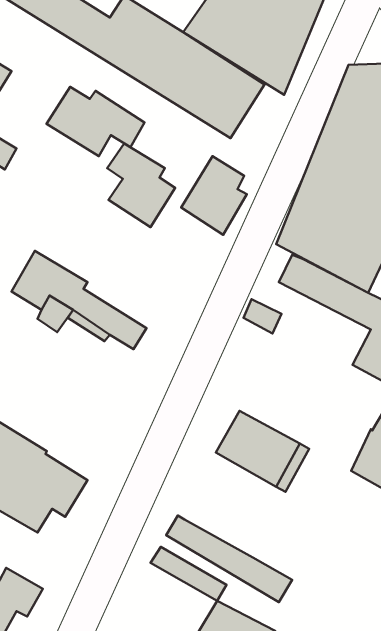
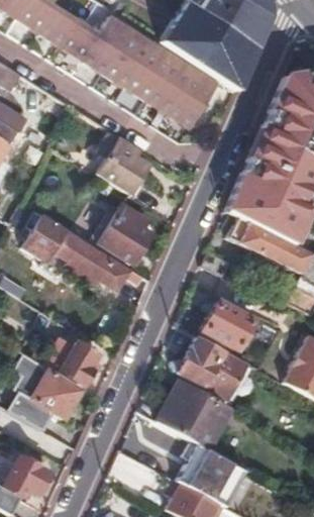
building: [47,87,145,156] -> none
building: [181,156,247,235] -> [101,204,151,265]
building: none -> [201,300,253,348]
building: none -> [61,341,101,386]
building: none -> [158,378,233,449]

